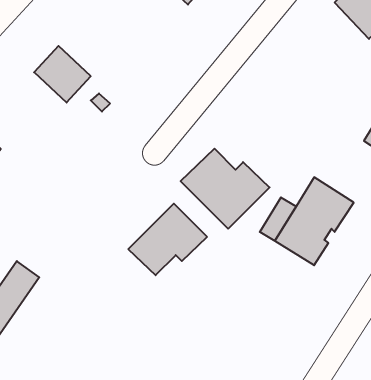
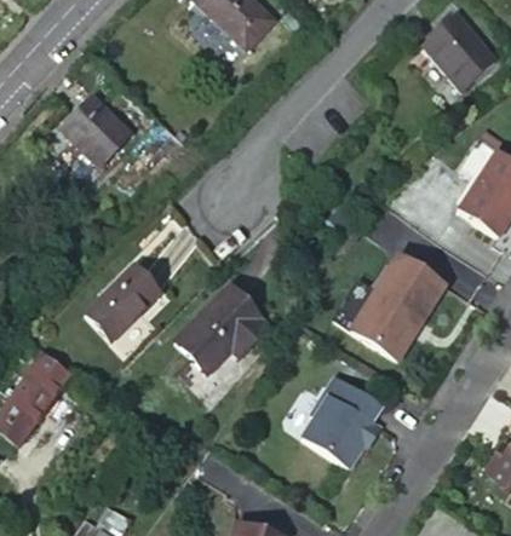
building: [181,149,270,229] -> none
building: none -> [85,266,160,341]
building: none -> [303,377,381,467]

